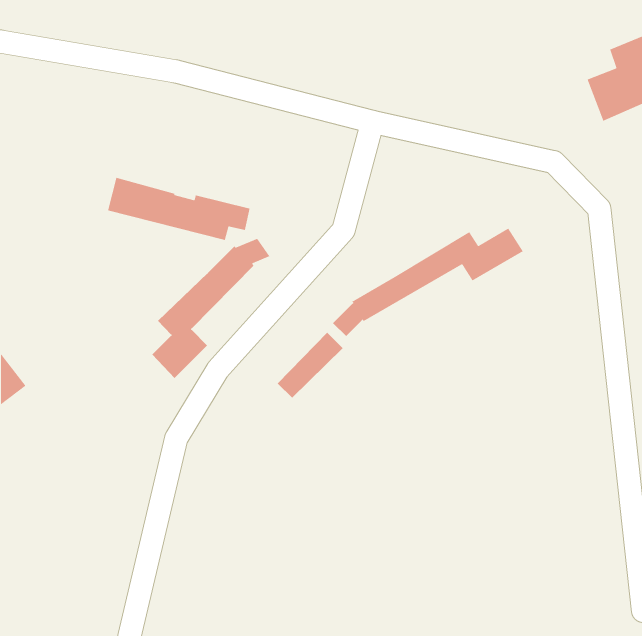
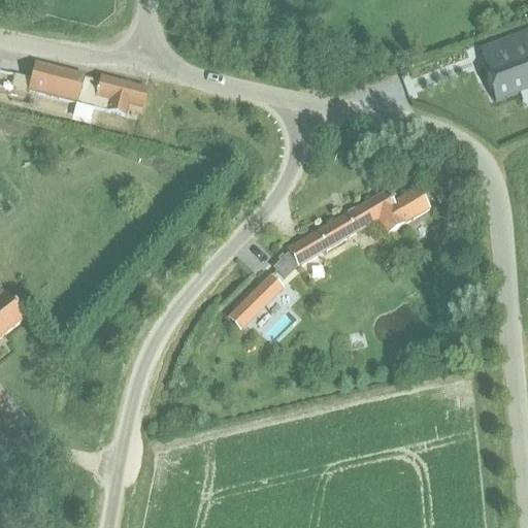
building: [107,177,251,241] -> [28,61,145,113]
building: [151,238,271,379] -> none

